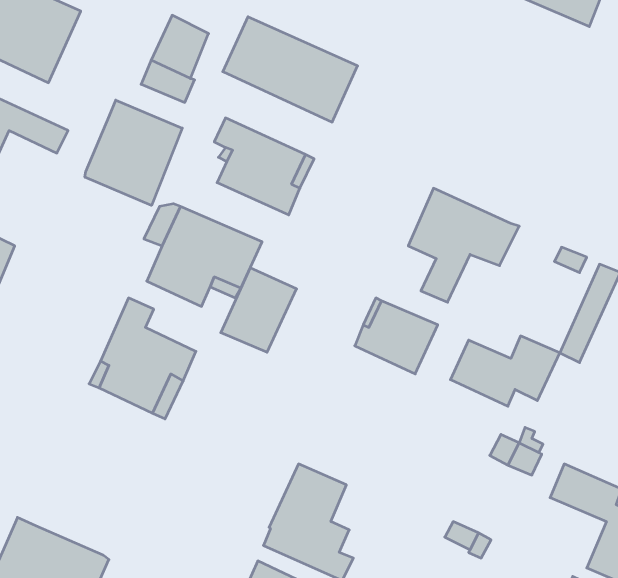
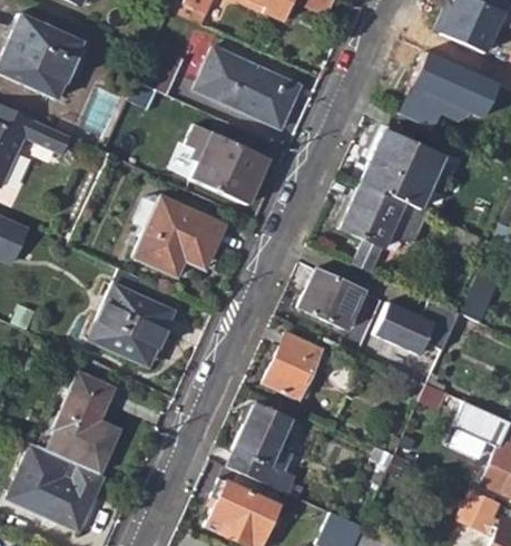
building: none -> [399,55,500,130]
building: [85,100,182,205] -> none
building: none -> [362,129,446,211]
building: [221,268,297,352] -> [264,332,324,399]
building: none -> [47,373,120,474]

